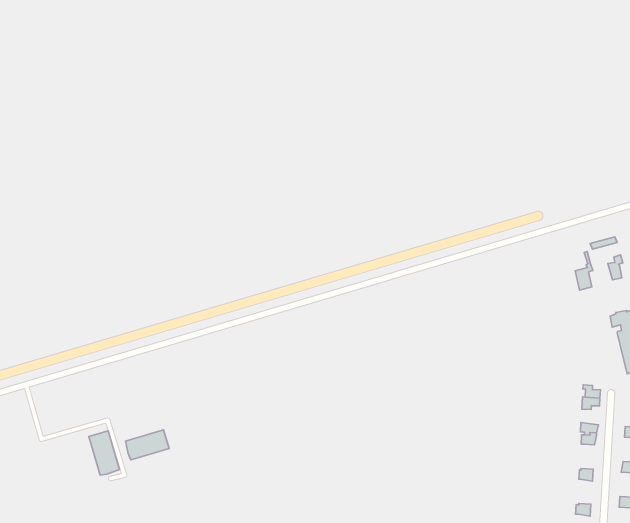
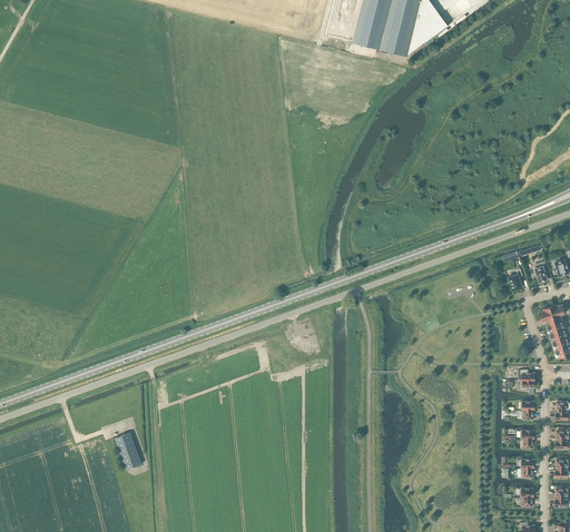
building: [126,430,169,460] -> none

